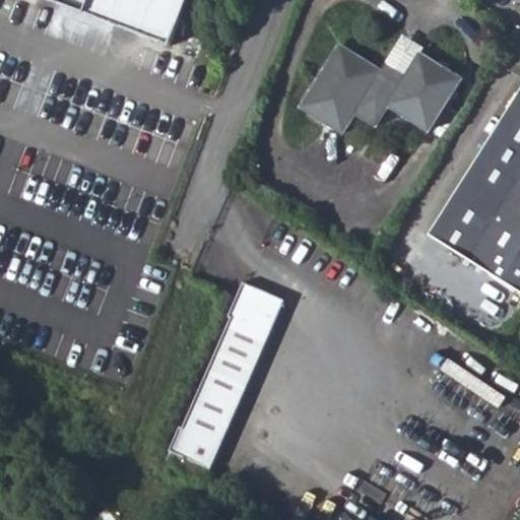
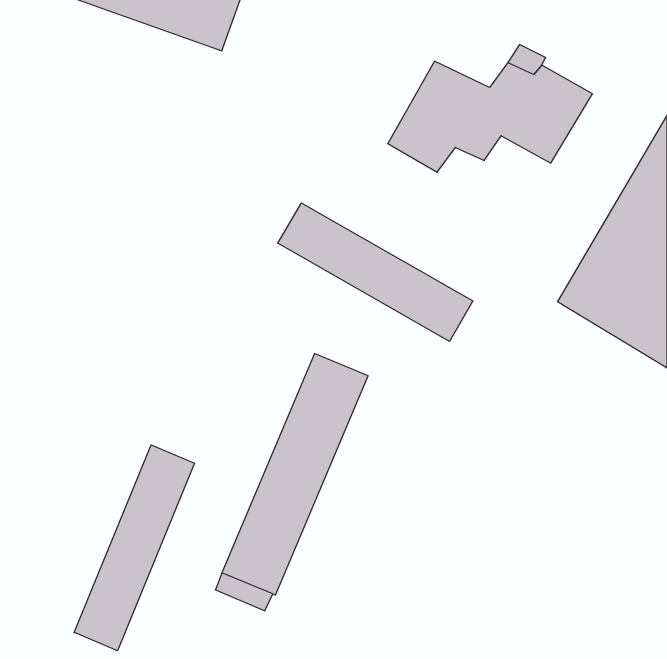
building: none -> [278,203,473,341]
building: none -> [74,445,194,651]

